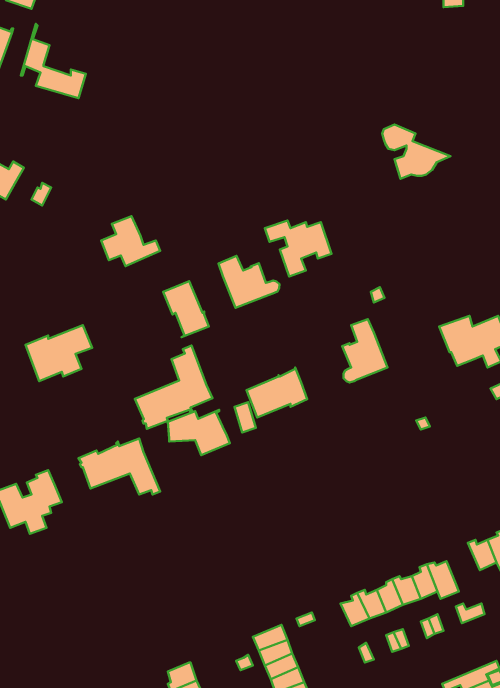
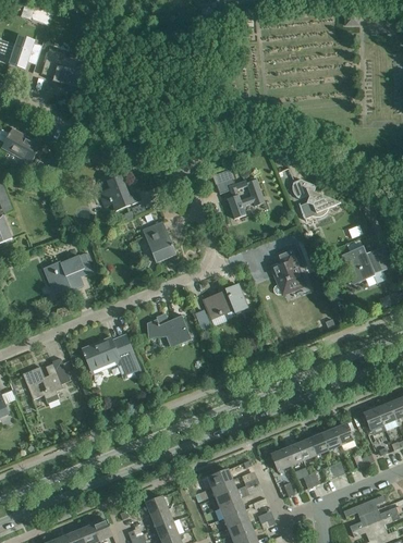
building: [382,124,451,179] -> [291,180,340,219]
building: [218,256,280,308] -> none
building: [135,346,213,429] -> none

